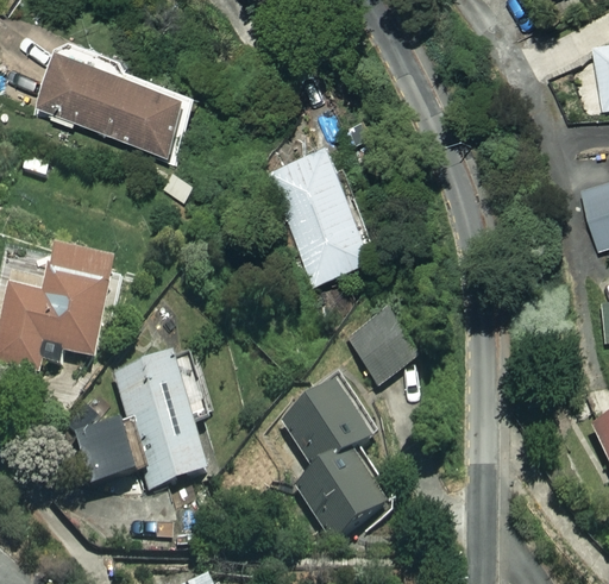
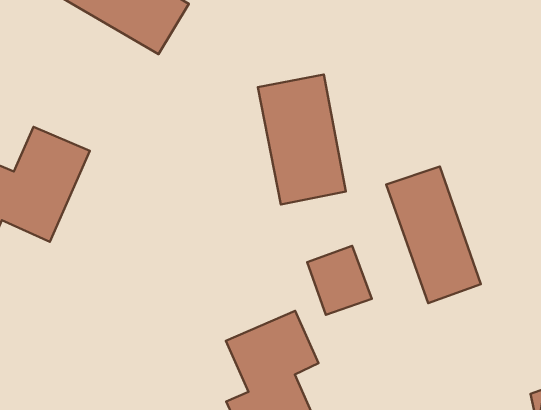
building: none -> [386,166,481,303]
building: [71,352,209,486] -> none

